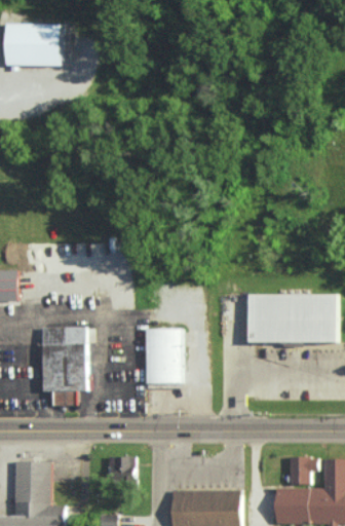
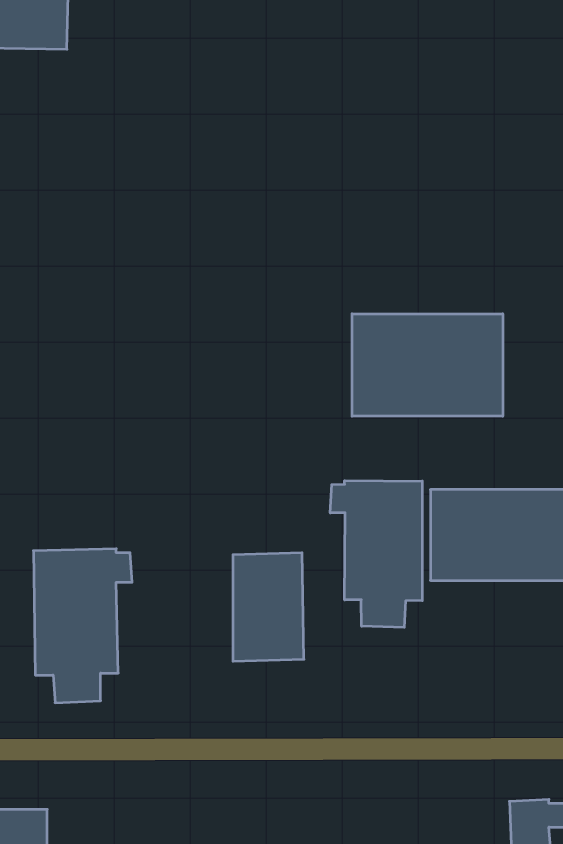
building: none -> [352,314,503,416]
building: none -> [330,481,422,627]
building: [107,455,135,475] -> none

